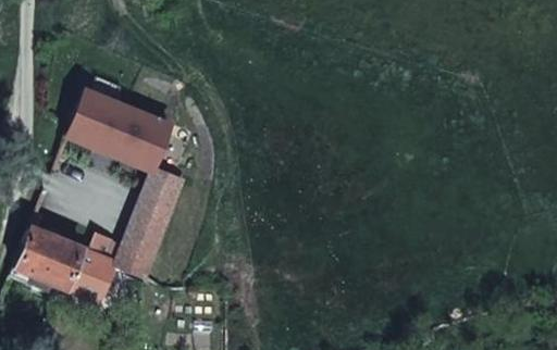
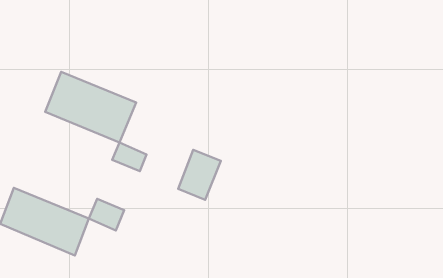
building: [125,191,175,250] -> [178,150,221,200]

